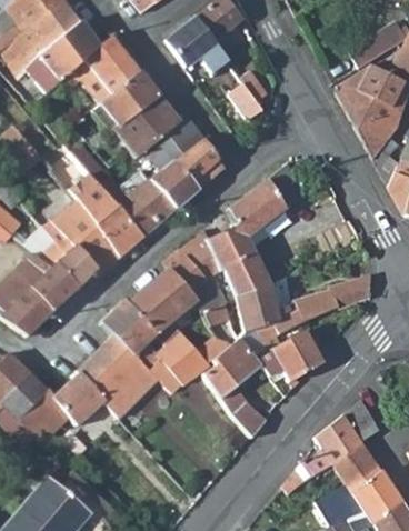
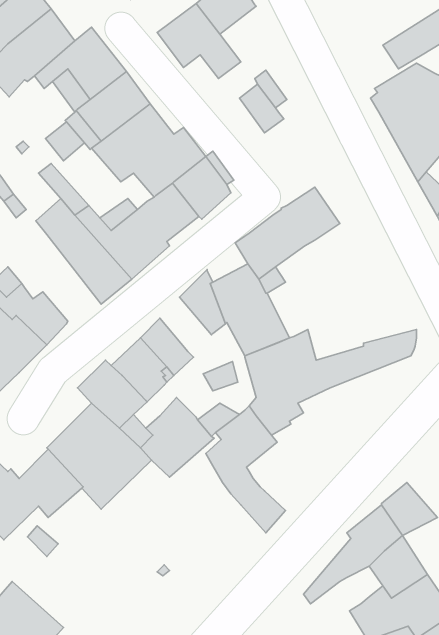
building: [52,200,121,277] -> none
building: [164,247,209,293] -> none
building: [257,330,322,387] -> none

